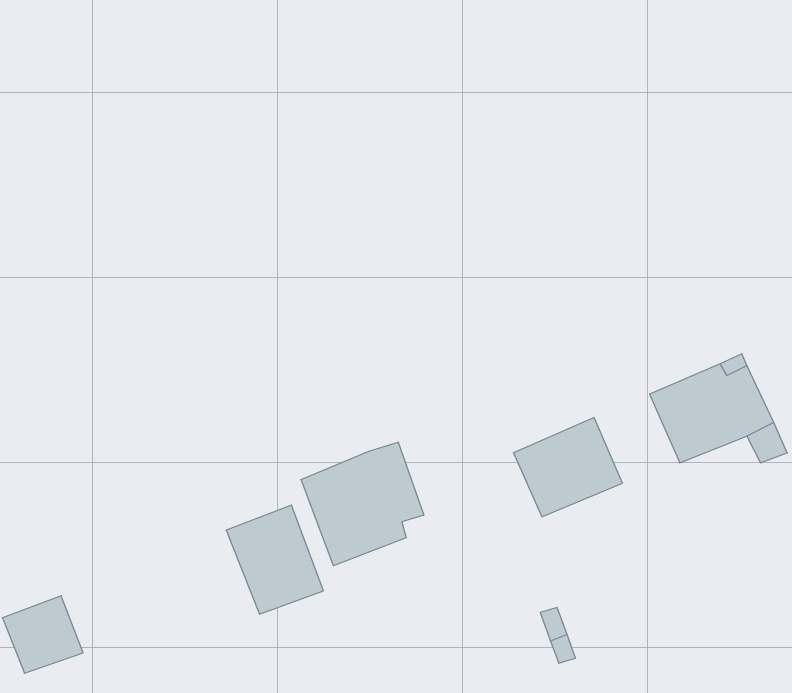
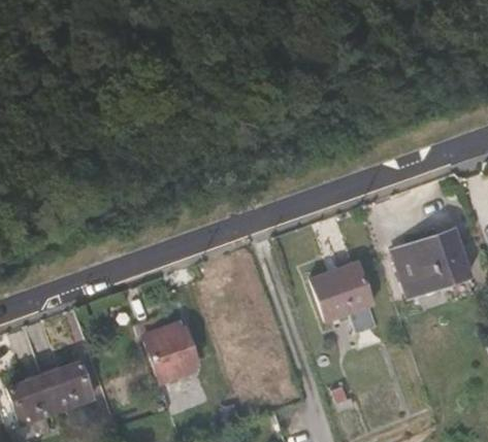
building: [301,442,424,566] -> none
building: none -> [38,361,88,409]

